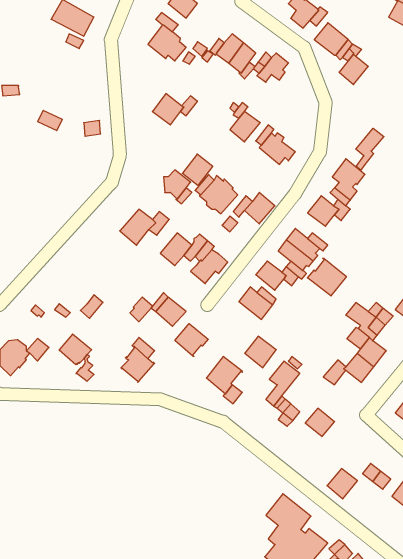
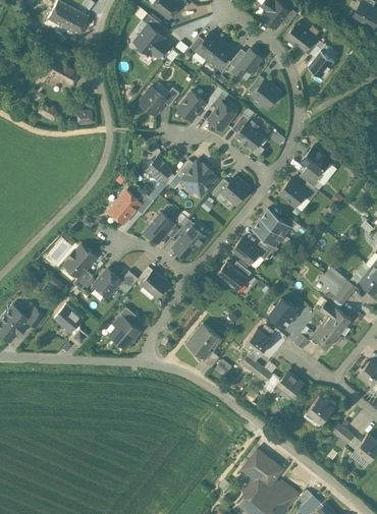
building: none -> [40,55,78,88]
building: none -> [253,80,280,108]
building: [356,128,384,170] -> none
building: [182,154,213,186] -> [178,92,206,120]
building: [307,258,346,296] -> none
building: none -> [65,247,96,277]
building: none -> [94,269,122,296]
building: [175,324,208,356] -> none
building: [245,336,276,368] -> [269,299,298,328]
building: [327,469,357,499] -> [307,397,334,424]

